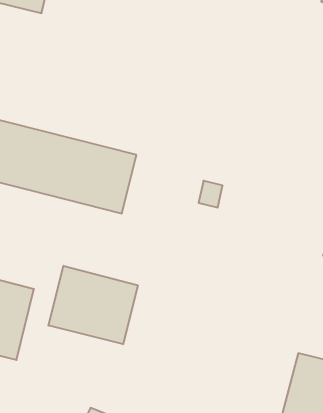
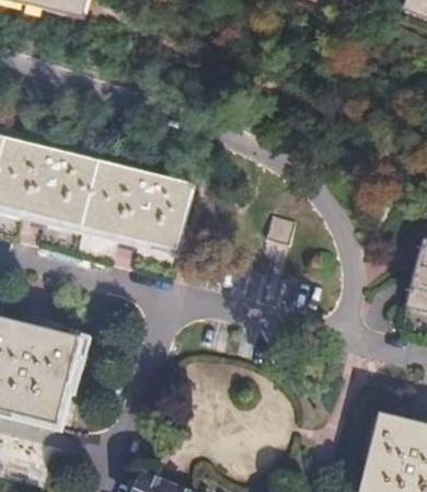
building: [48,266,138,344] -> none

